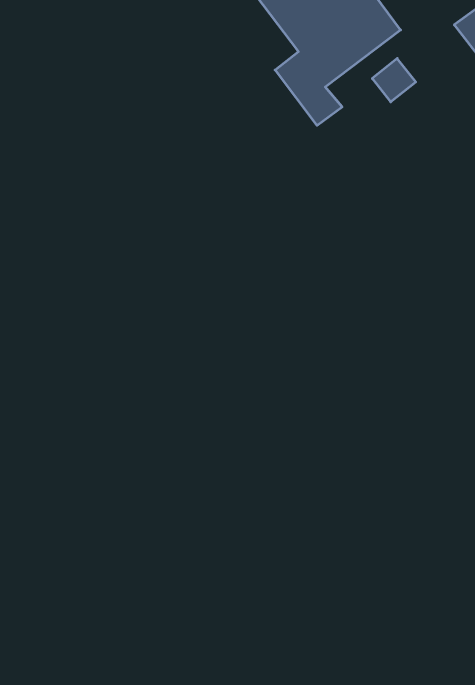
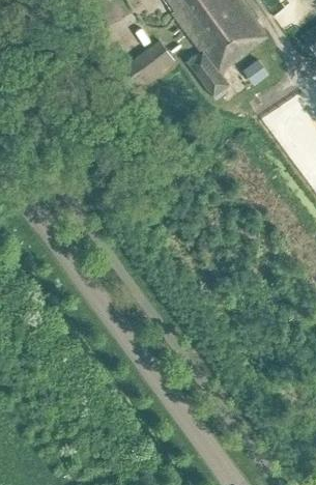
building: none -> [132,42,174,83]

